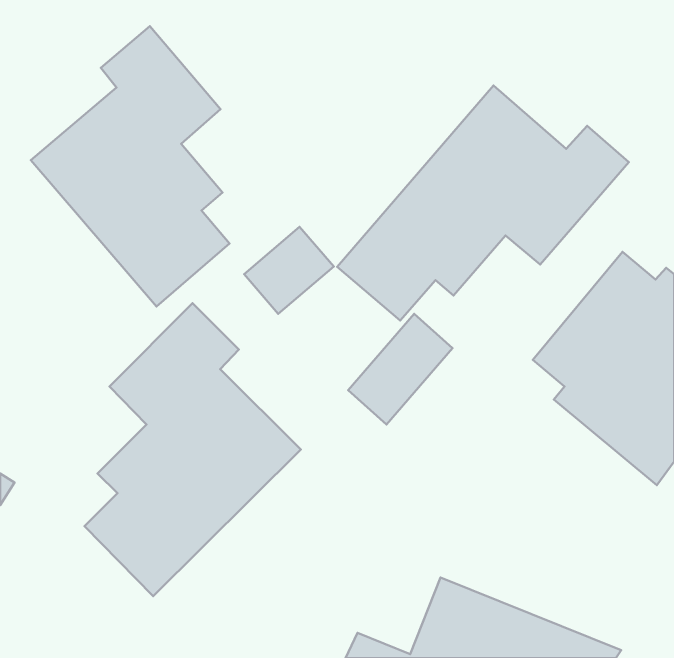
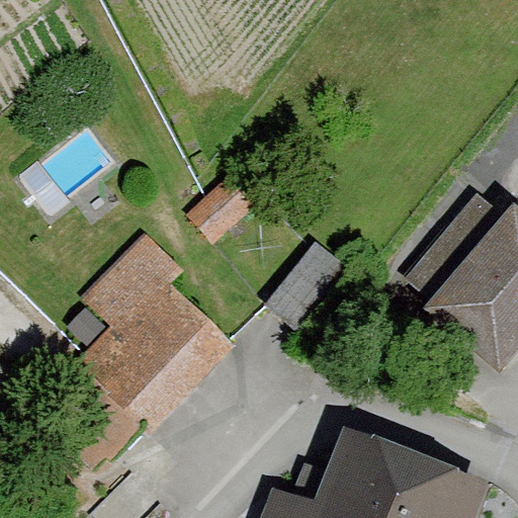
building: [31,26,230,307] -> none
building: [337,86,629,321] -> none

